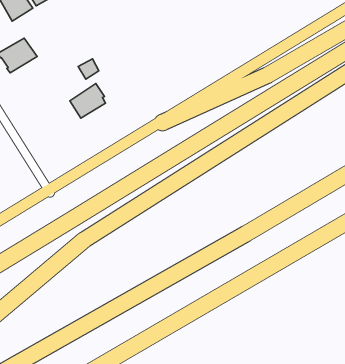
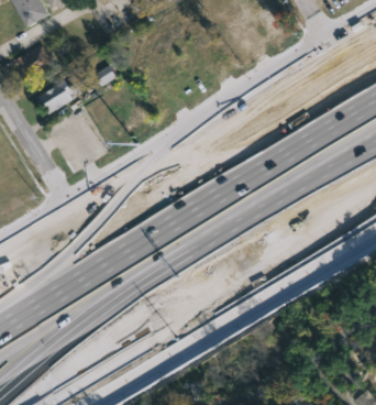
building: [70,84,106,118] -> [40,78,76,113]

